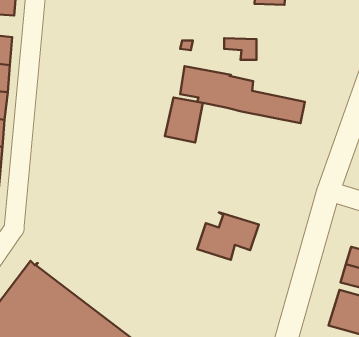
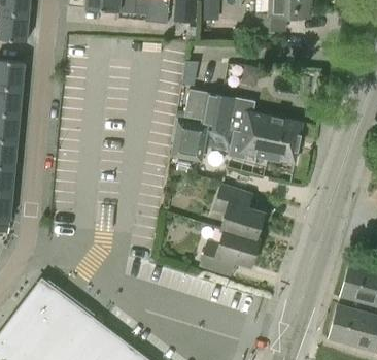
building: none -> [226,130,300,164]
building: none -> [214,186,265,241]

